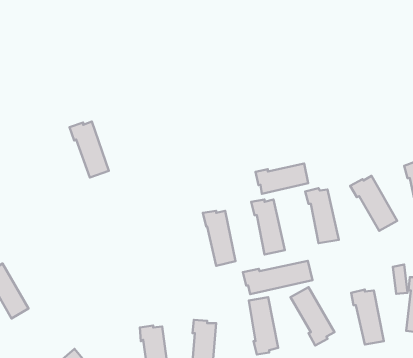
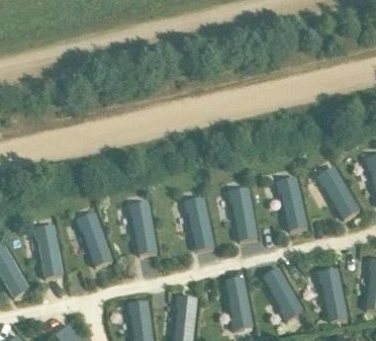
building: [70,121,109,178] -> [76,215,111,265]
building: [256,163,308,194] -> none
building: none -> [128,203,156,253]
building: none -> [33,227,63,276]
building: [243,261,312,294] -> none

